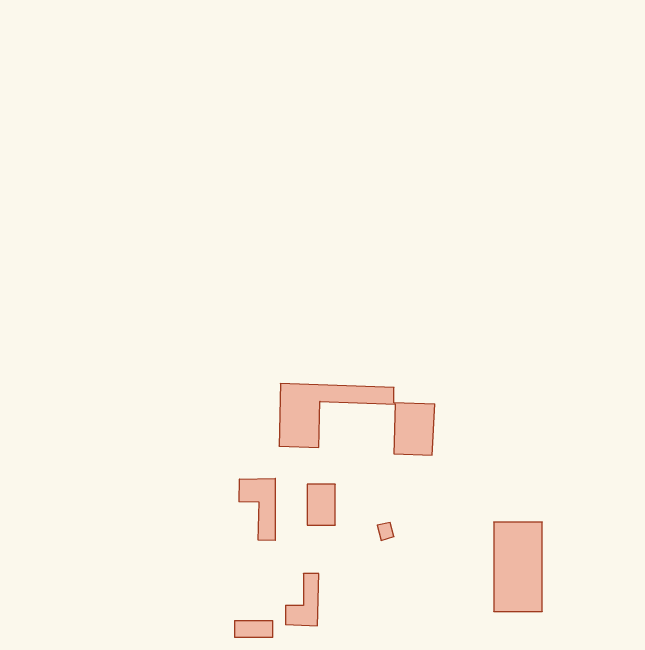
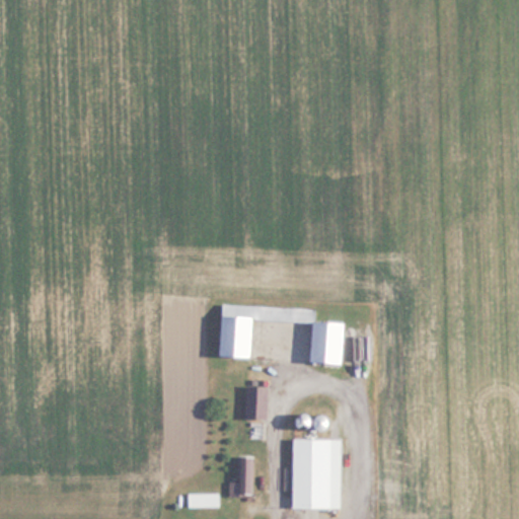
building: [239,478,275,540] -> none
building: [494,522,542,611] -> [292,439,330,510]

